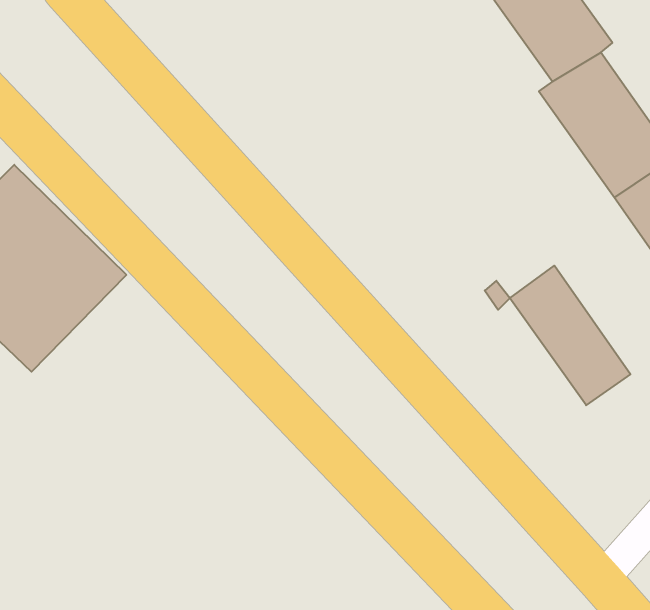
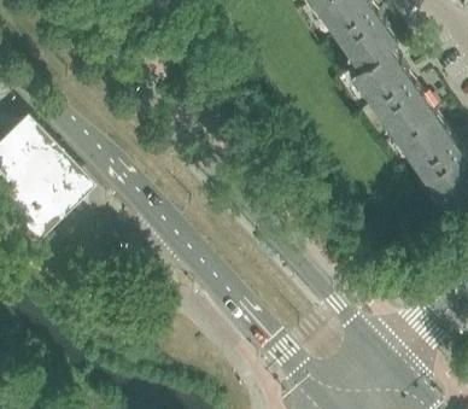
building: [510,266,630,405] -> none

